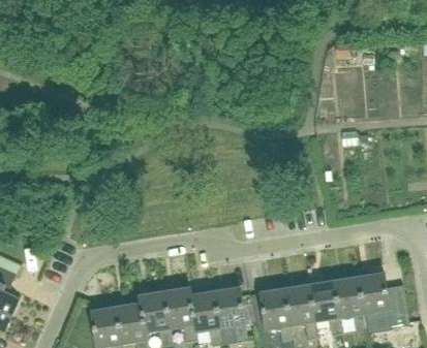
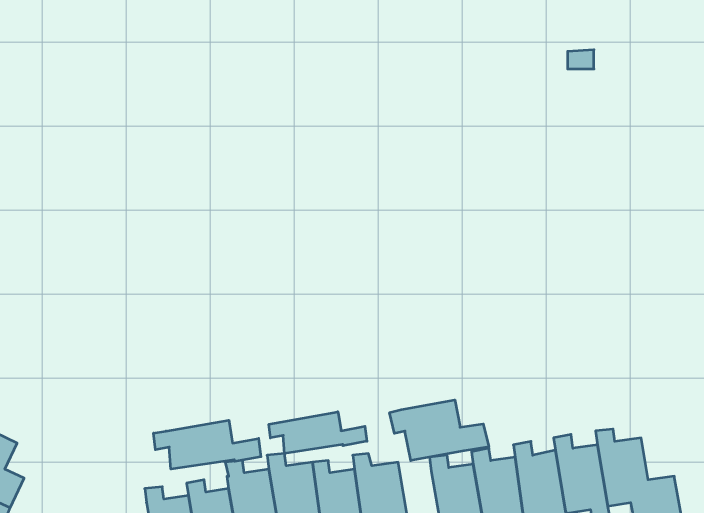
building: none -> [390,400,489,461]
building: none -> [269,412,367,454]
building: none -> [154,420,261,469]

